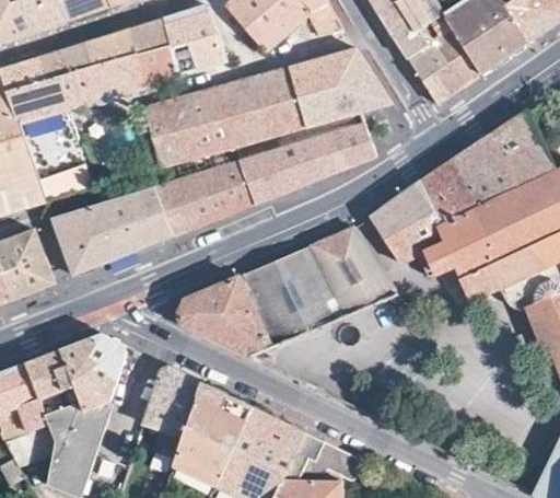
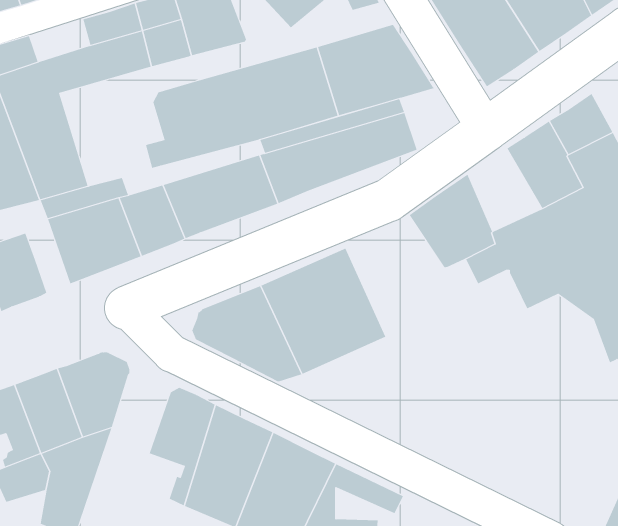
building: [38,43,91,80] -> none
building: [420,155,485,228] -> none
building: [314,223,399,320] -> none

